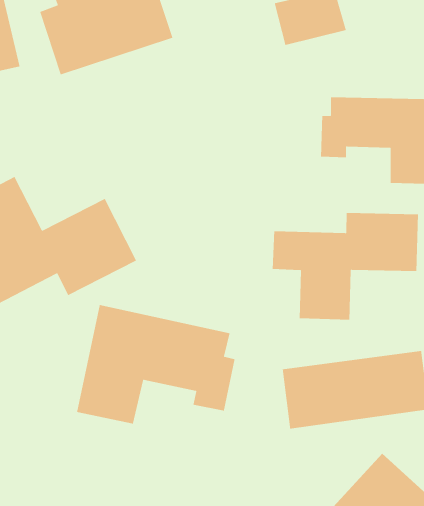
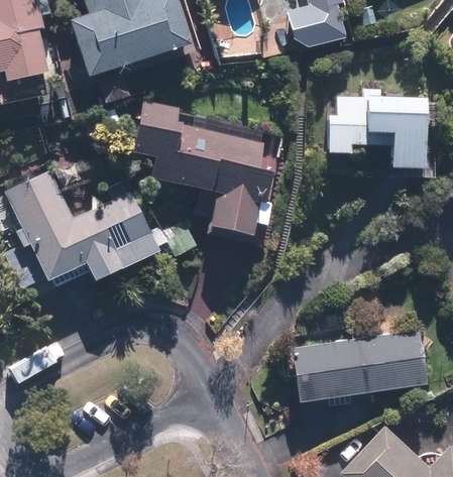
building: none -> [134,102,267,244]
building: [272,212,419,320] -> none
building: [76,304,235,425] -> none

